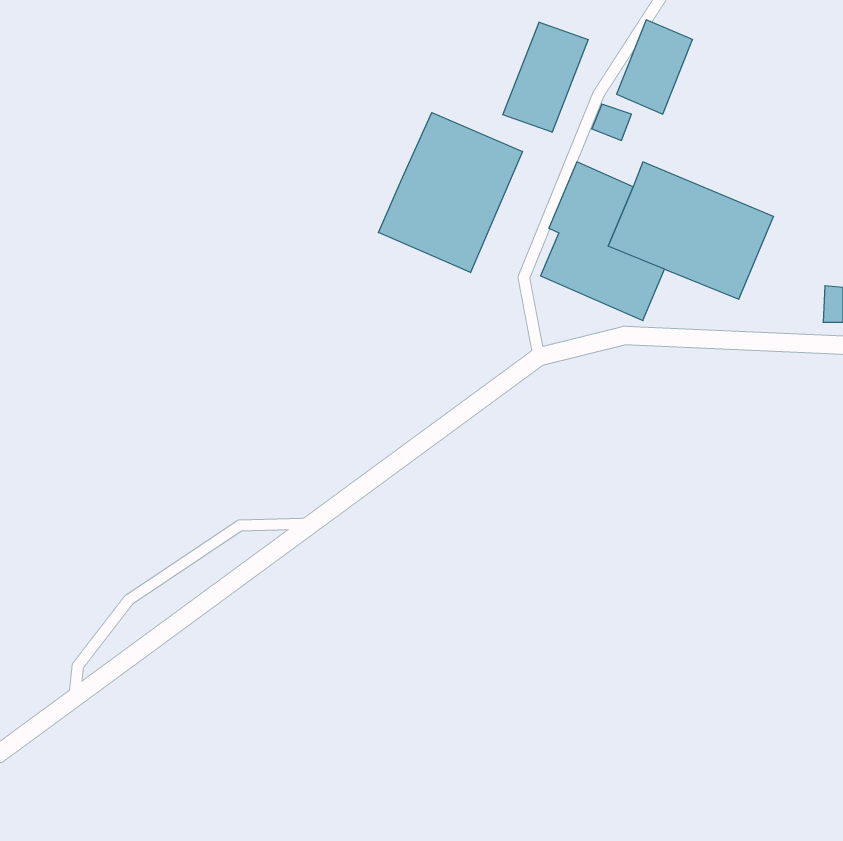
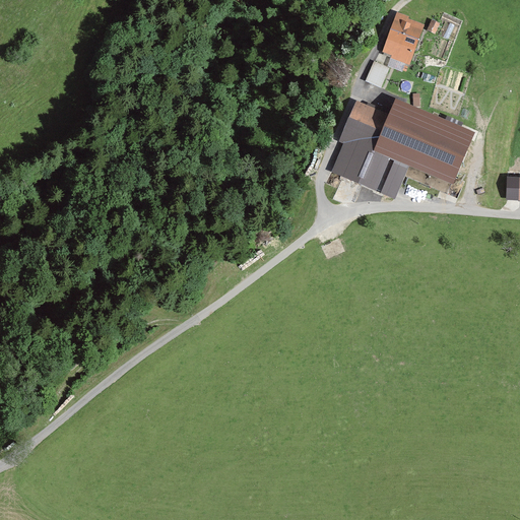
building: [503,22,588,132] -> none
building: [378,113,522,273] -> none

